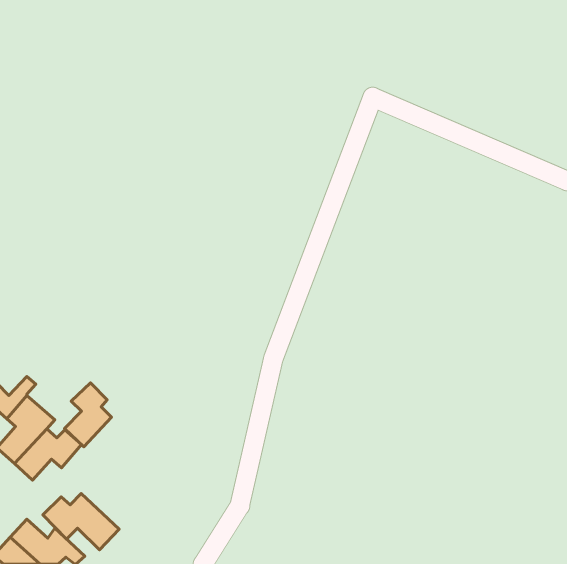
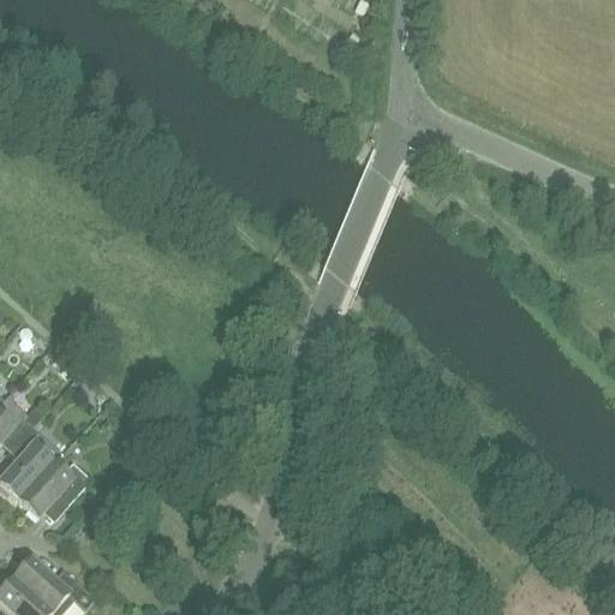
building: [65,383,112,447] -> none
building: [43,494,119,550] -> none

